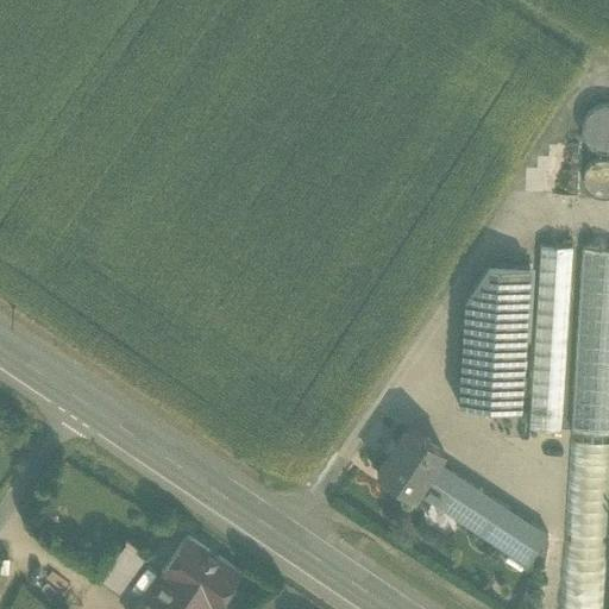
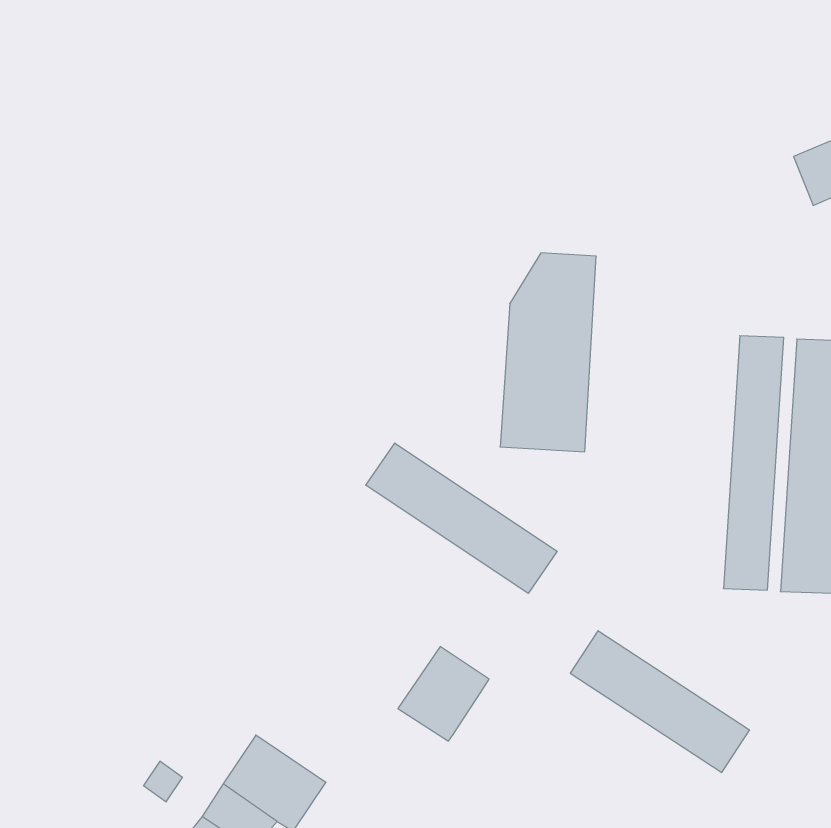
building: [459,268,529,413] -> [500,253,596,452]
building: none -> [366,443,557,593]
building: [377,431,444,500] -> [398,647,489,741]

